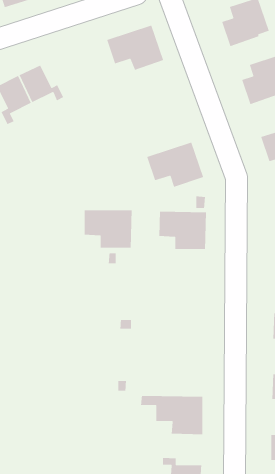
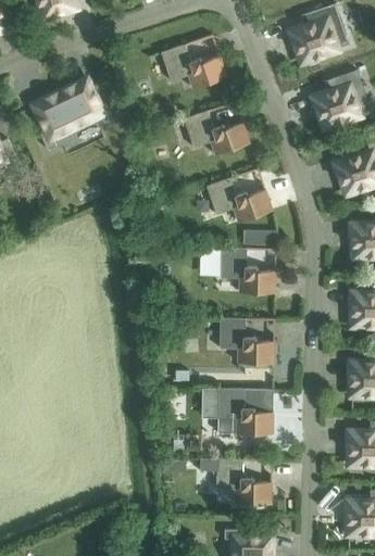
building: none -> [180,101,247,154]
building: [84,210,132,249] -> [216,318,272,363]
building: none -> [199,388,270,433]

